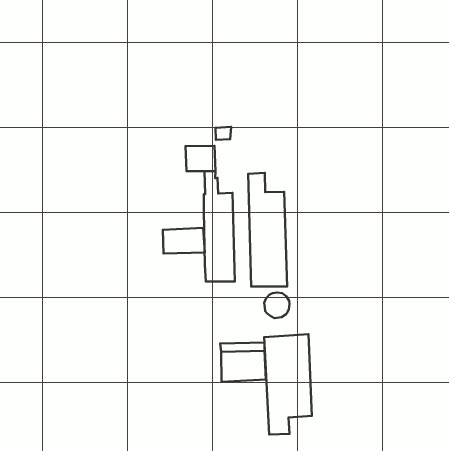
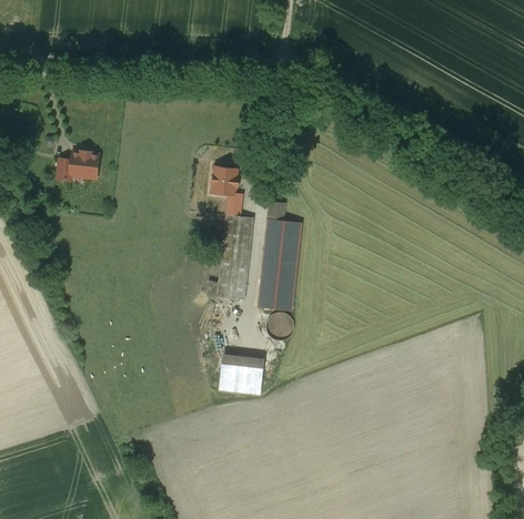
building: none -> [57,149,102,181]
building: [163,228,205,253] -> none
building: [264,334,312,434] -> none

